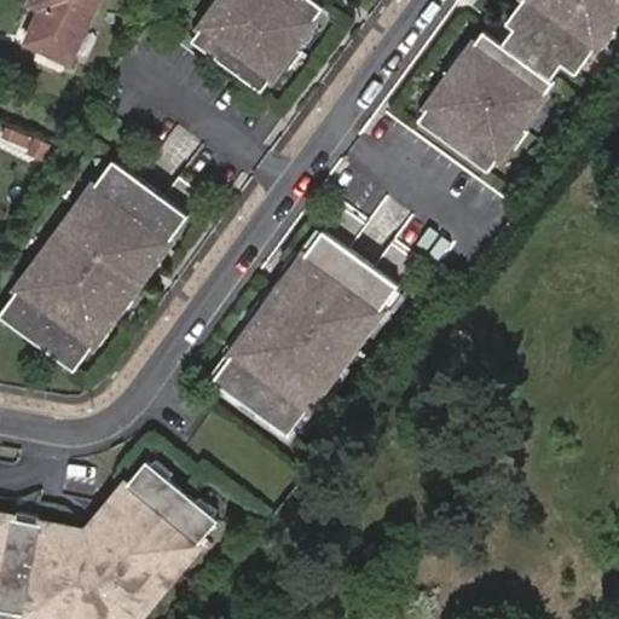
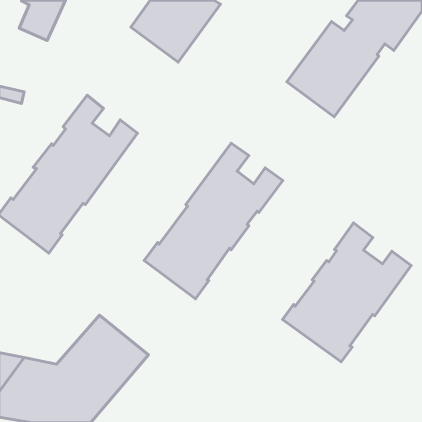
building: none -> [283,223,411,362]

